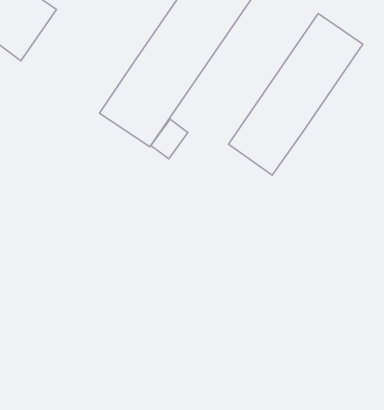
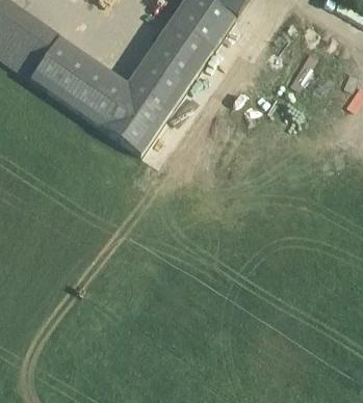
building: none -> [28,34,126,125]
building: [229,14,363,175] -> none

